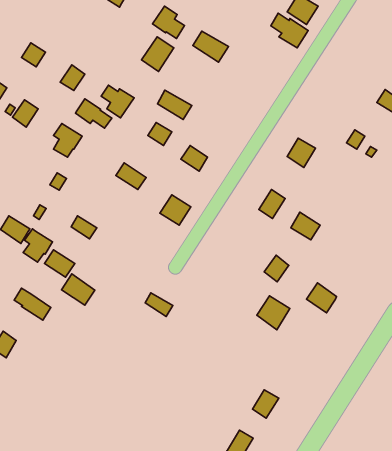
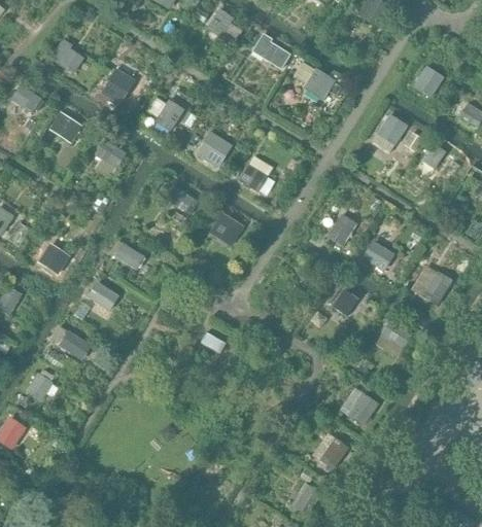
building: [271,13,308,48] -> [294,60,336,99]
building: [141,37,174,72] -> none
building: none -> [413,66,444,98]
building: [157,90,192,119] -> none
building: [75,99,112,128] -> none
building: [287,138,316,167] -> [376,112,408,145]
building: [23,229,52,262] -> none
building: none -> [411,265,452,305]
building: [62,274,95,305] -> none
building: [257,296,290,330] -> [341,387,378,425]

